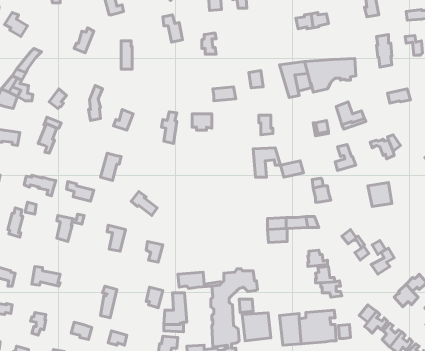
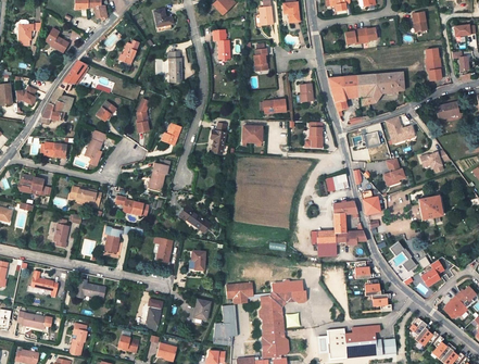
building: [253,148,281,177] -> [331,201,358,230]
building: [242,313,271,341] -> none

